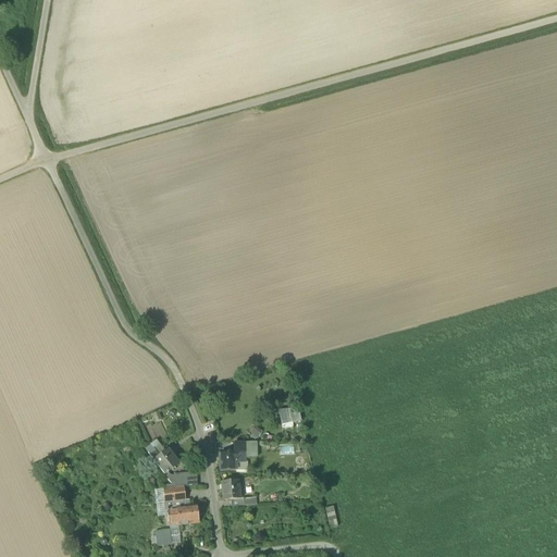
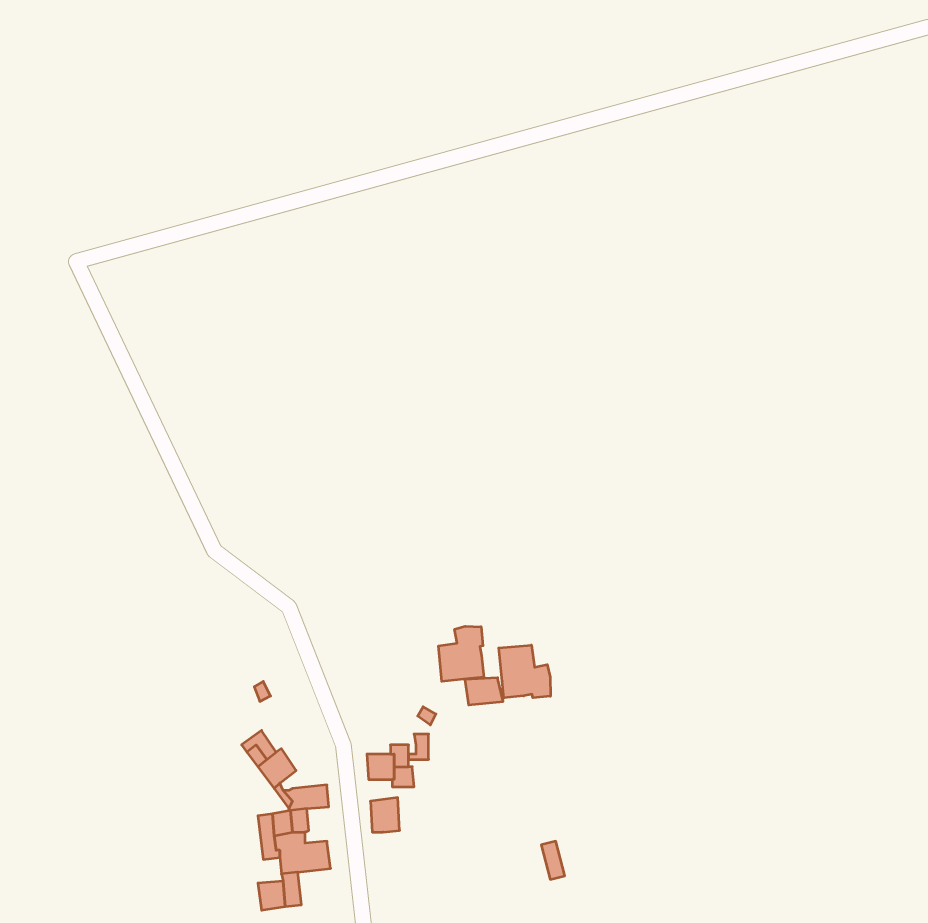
building: none -> [439,626,484,681]
building: none -> [499,645,550,698]

